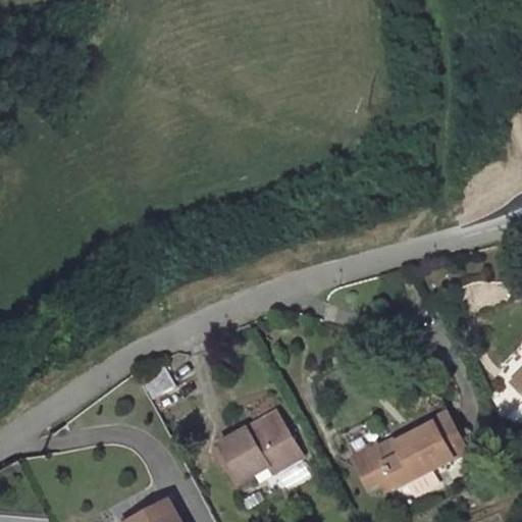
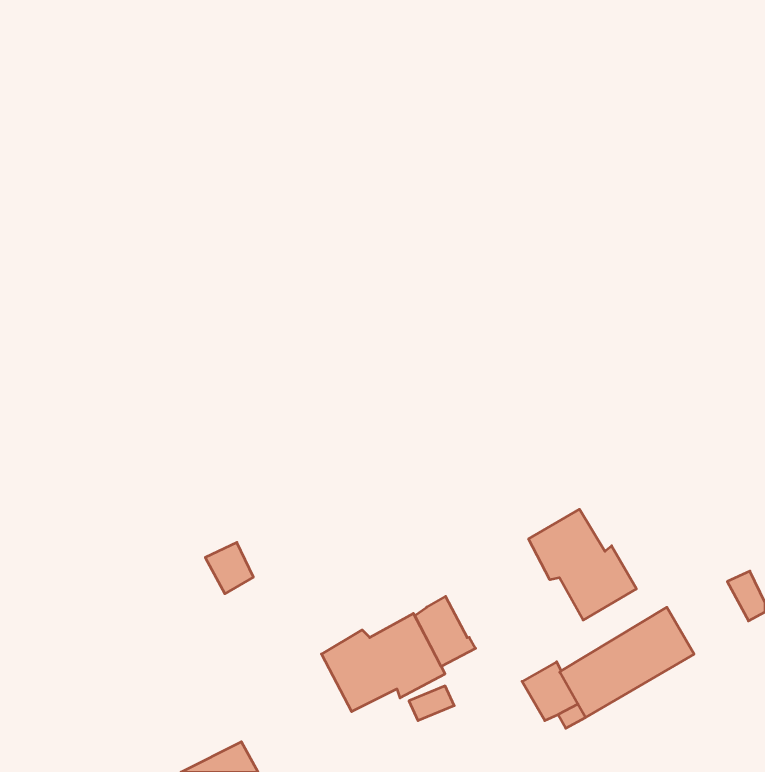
building: none -> [529,509,636,620]
building: none -> [415,596,476,667]

